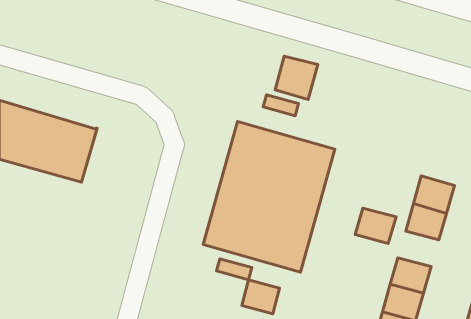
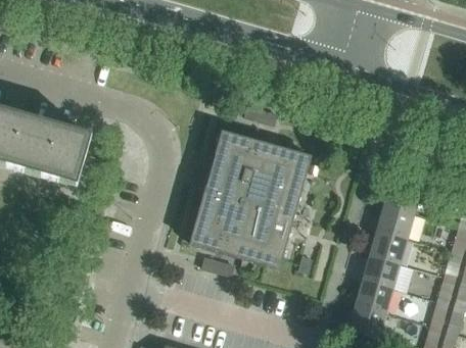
building: [275,56,318,100] -> none
building: [355,208,396,243] -> [369,232,407,264]
building: [242,280,279,314] -> none

